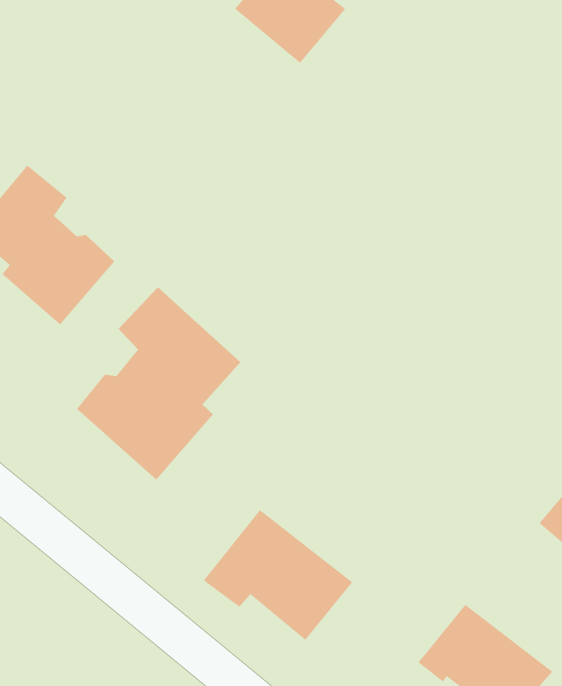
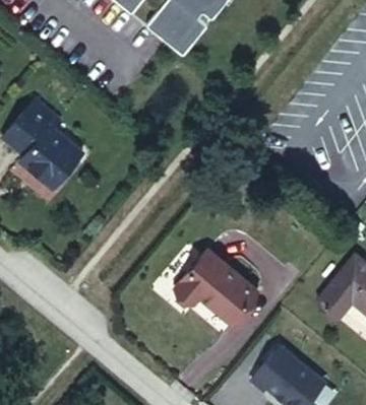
building: [76,286,241,480] -> none
building: [203,509,353,641] -> [176,254,259,327]

